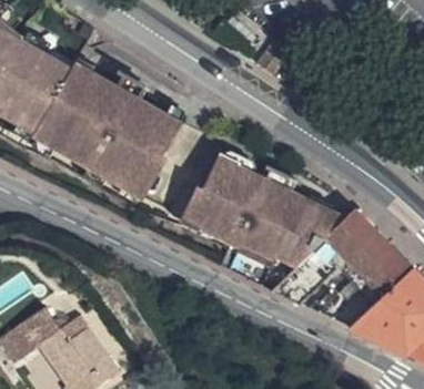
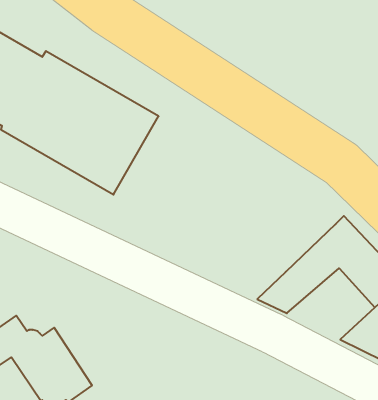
building: [189,154,346,269] -> none

